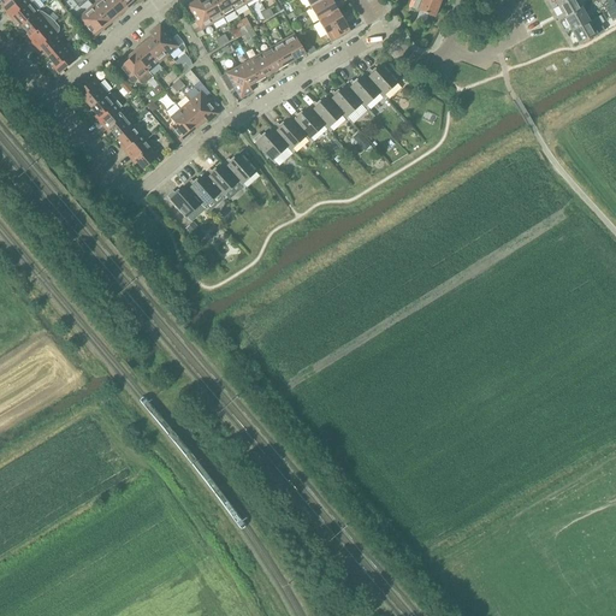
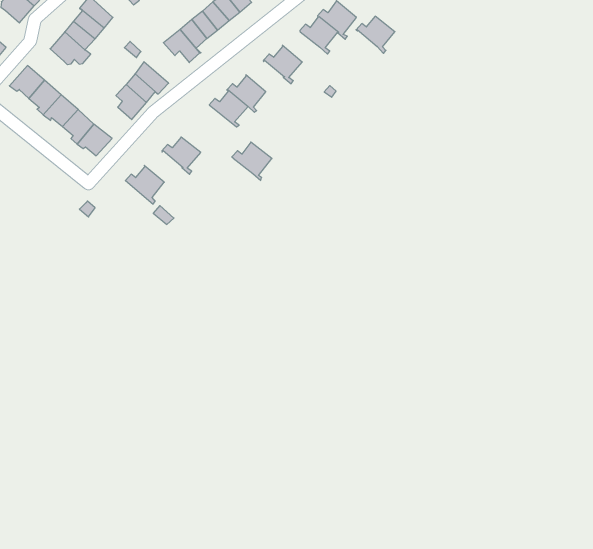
building: [326,85,361,120] -> [356,16,395,53]
building: [290,106,325,142] -> none
building: [221,152,257,188] -> [232,142,272,180]
building: [185,173,220,209] -> none

